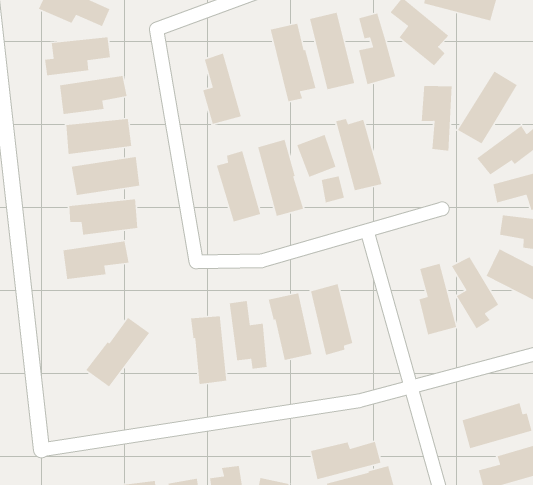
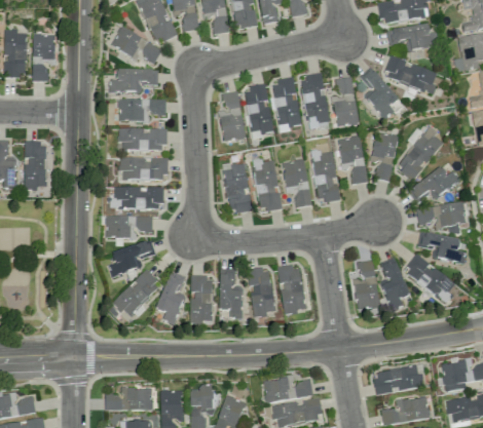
building: none -> [245,85,273,133]
building: none -> [339,135,366,184]
building: none -> [109,241,154,277]
building: none -> [155,271,185,325]

